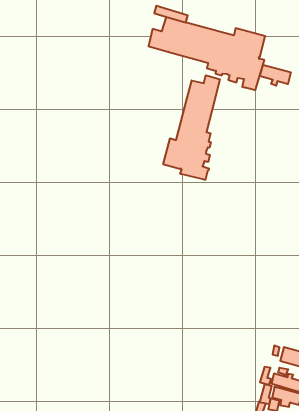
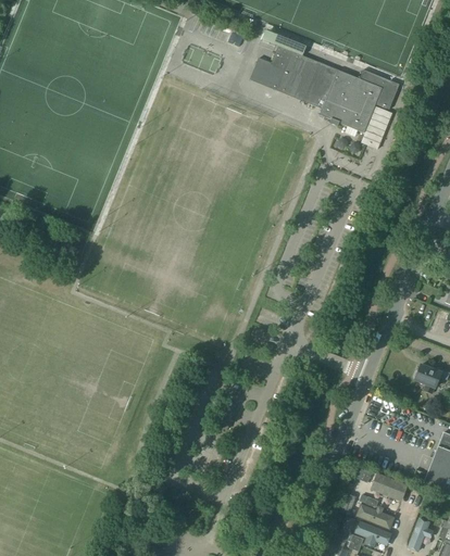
building: [260,65,291,86] -> none
building: [163,75,220,180] -> none

